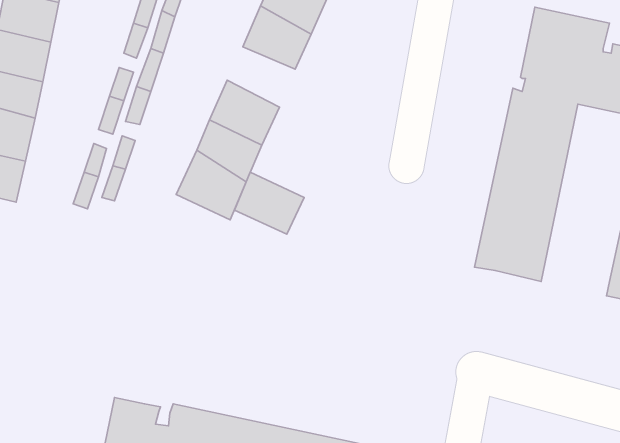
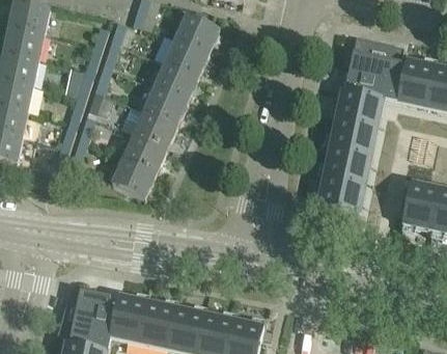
building: none -> [155,60,199,100]
building: [234,172,304,234] -> [111,157,157,197]

